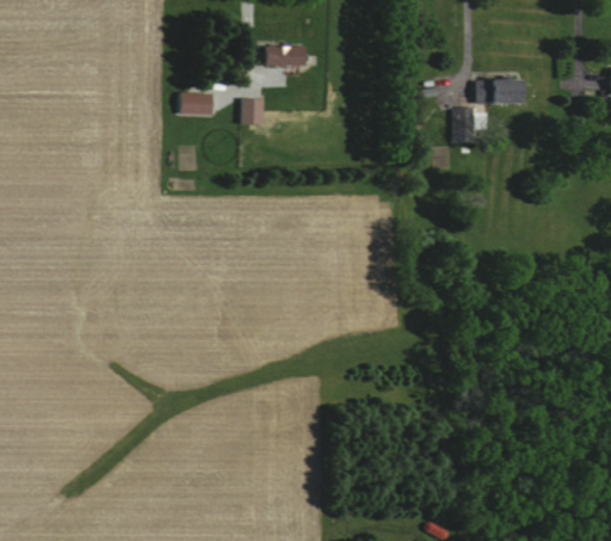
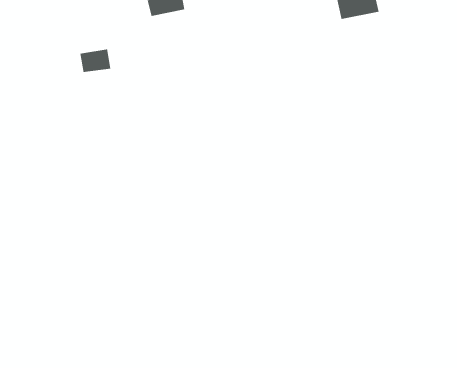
building: [241,97,264,123] -> none
building: [453,106,476,142] -> none

